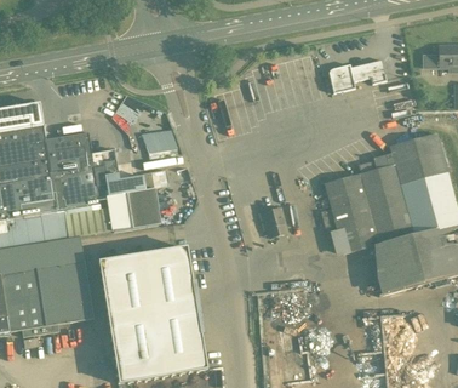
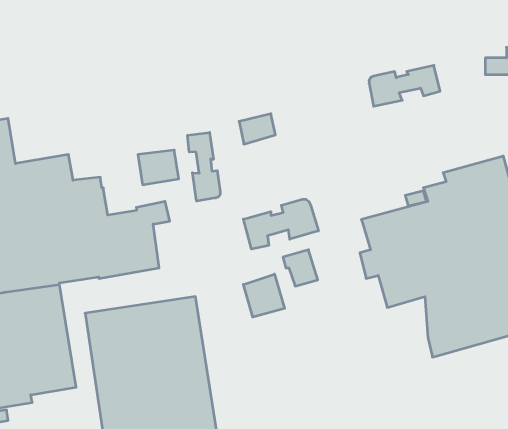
building: none -> [188,132,220,201]
building: none -> [243,199,318,249]
building: none -> [243,274,285,317]

